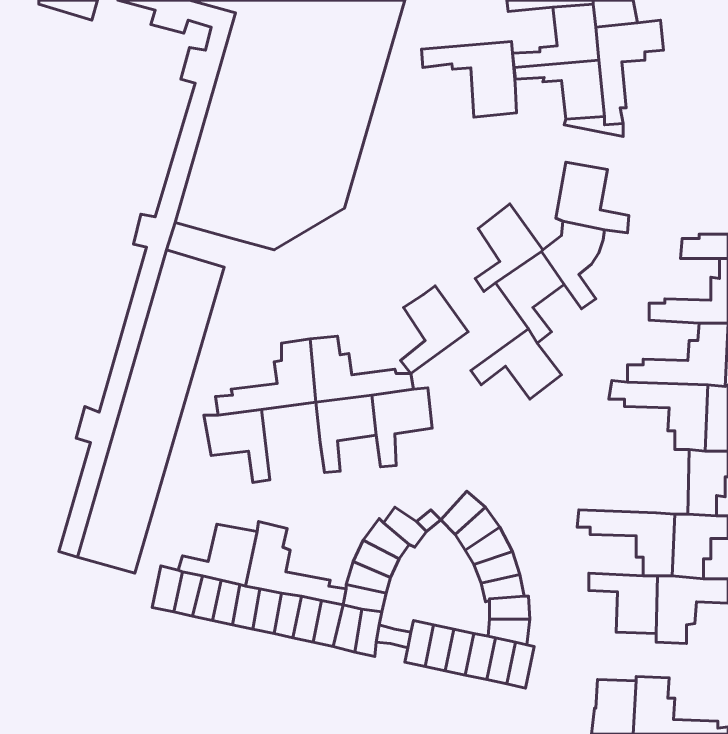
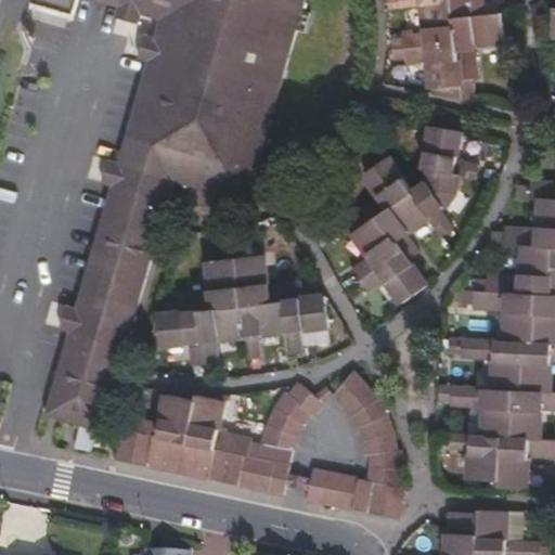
building: [422,42,517,117] -> none
building: none -> [126,168,176,202]
building: [401,286,468,373] -> [348,214,399,280]
building: none -> [197,304,242,362]
building: none -> [447,337,520,388]

